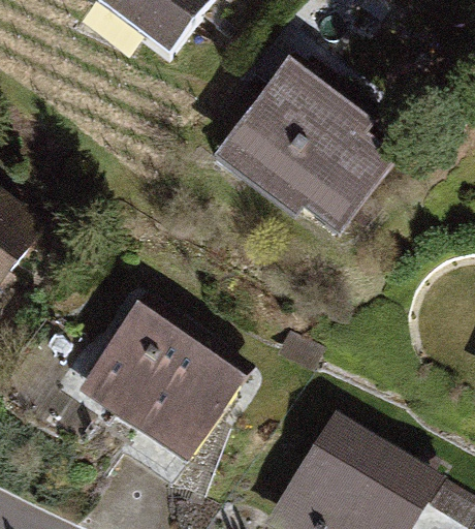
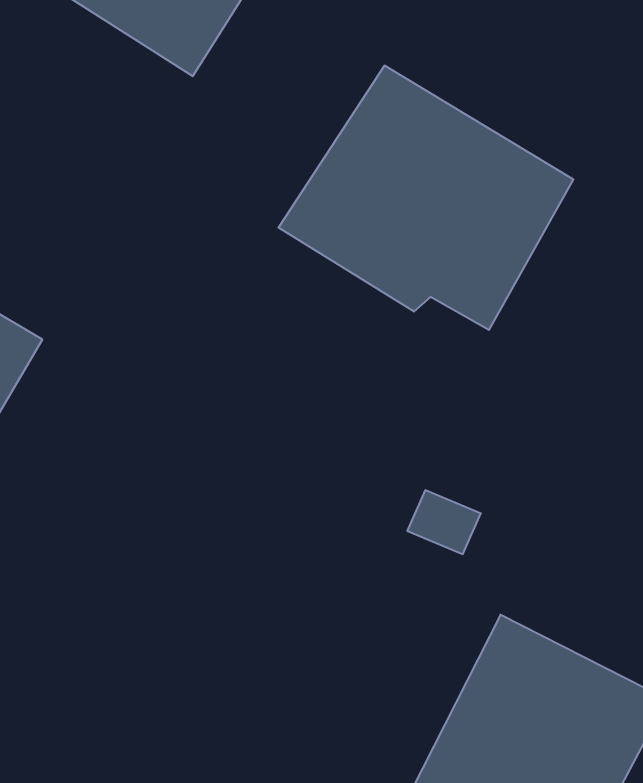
building: [76,293,246,459] -> none

